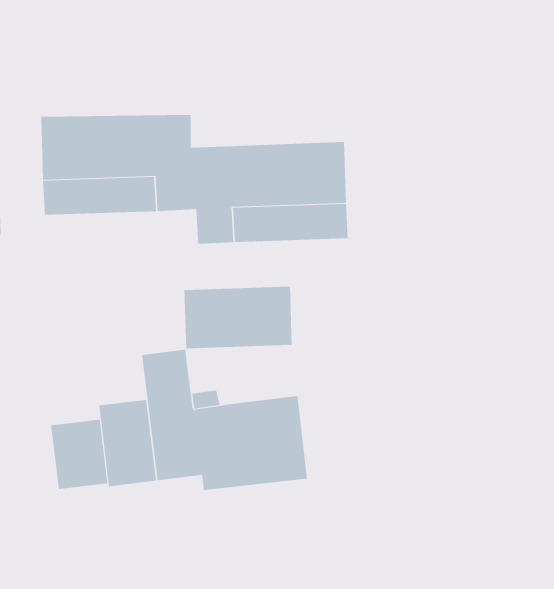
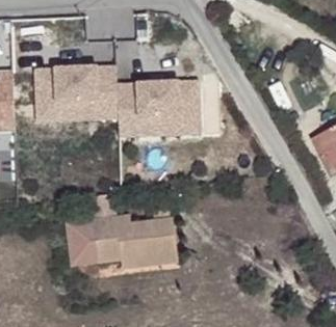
building: [184,286,292,349] -> none
building: [51,419,108,490] -> none

